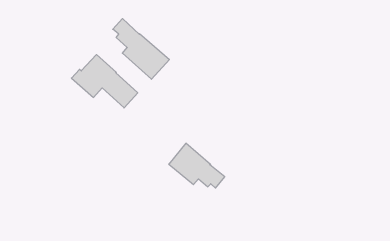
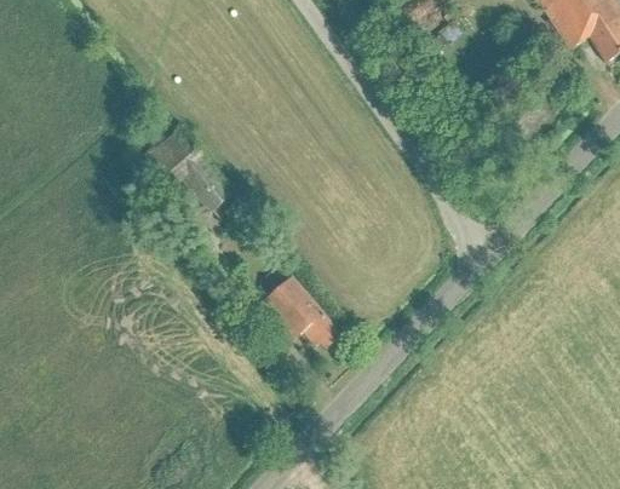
building: [113,19,169,79] -> none

